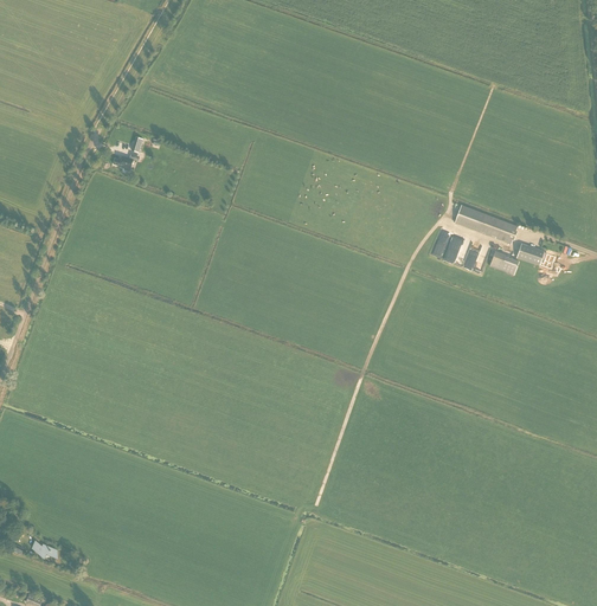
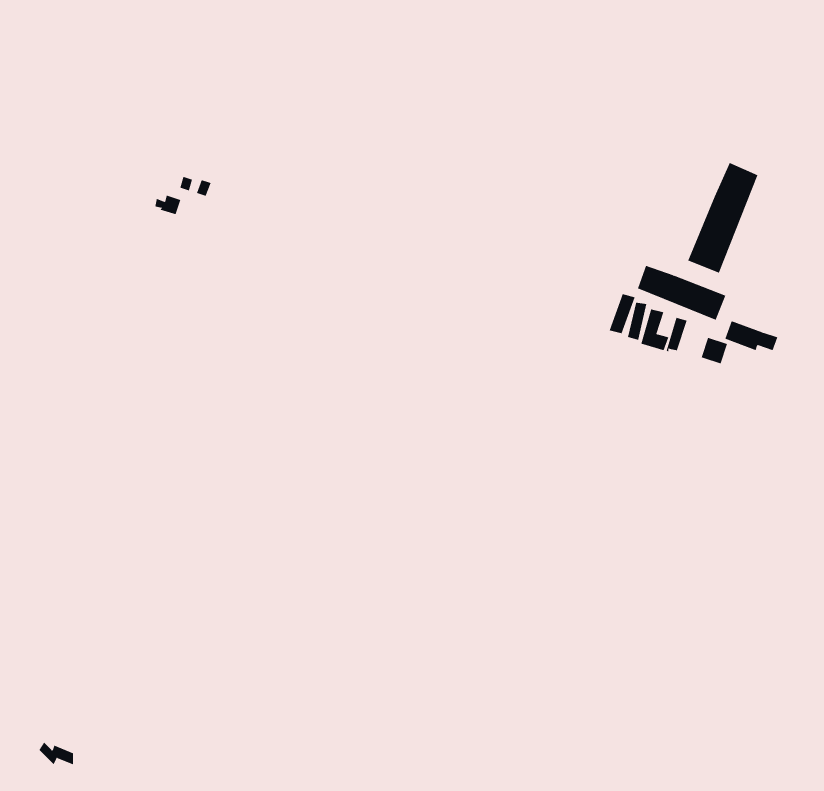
building: none -> [688,162,758,274]

